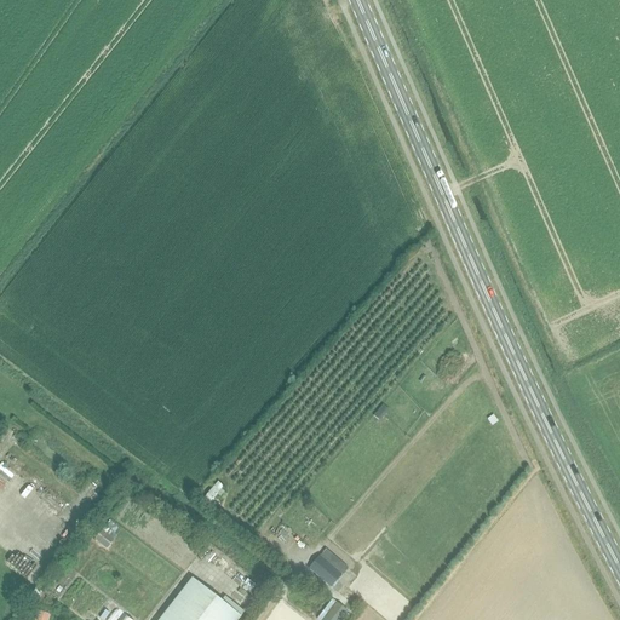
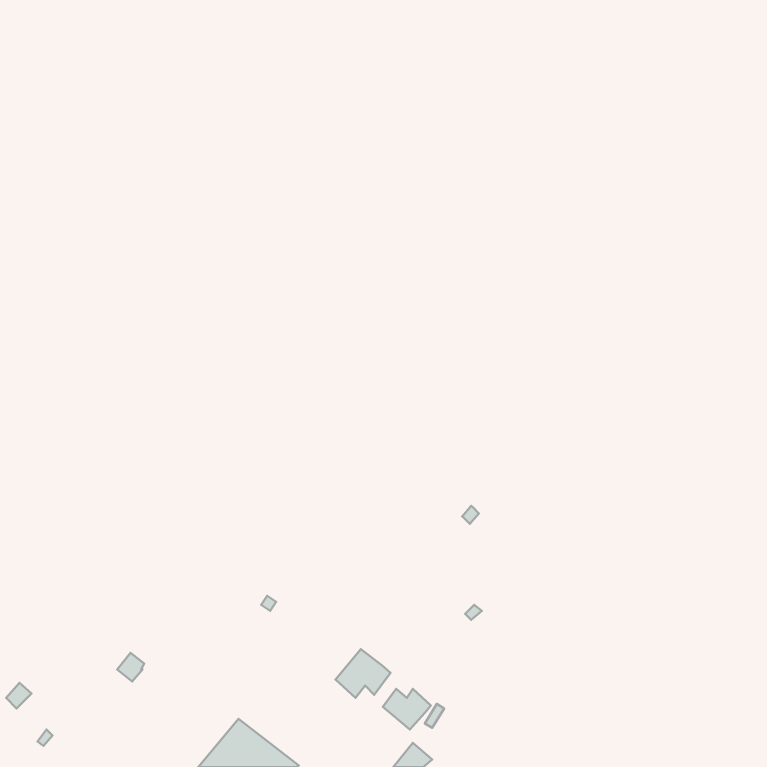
building: none -> [336,649,391,698]

